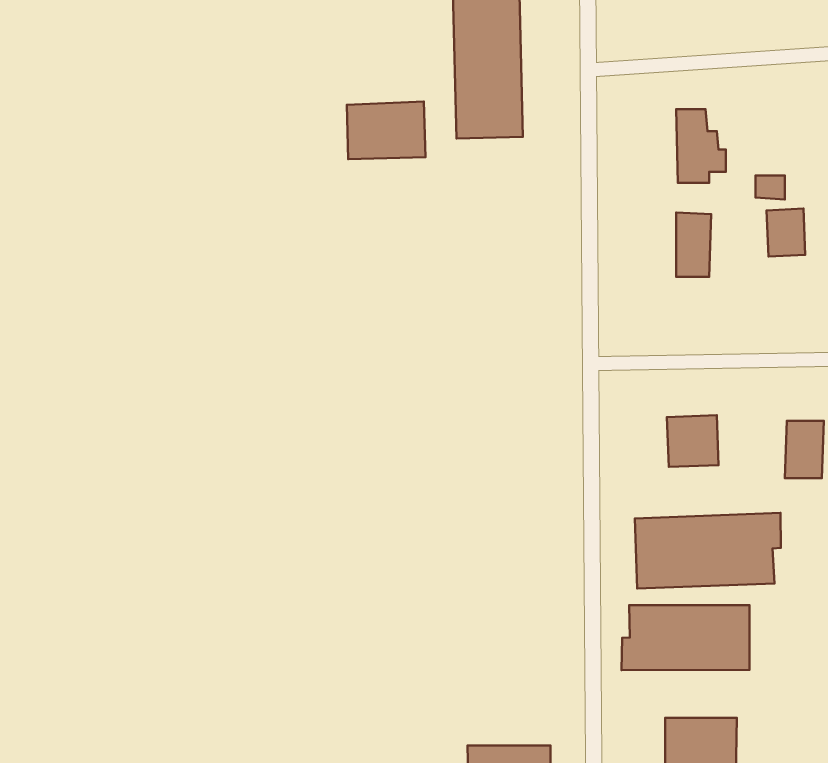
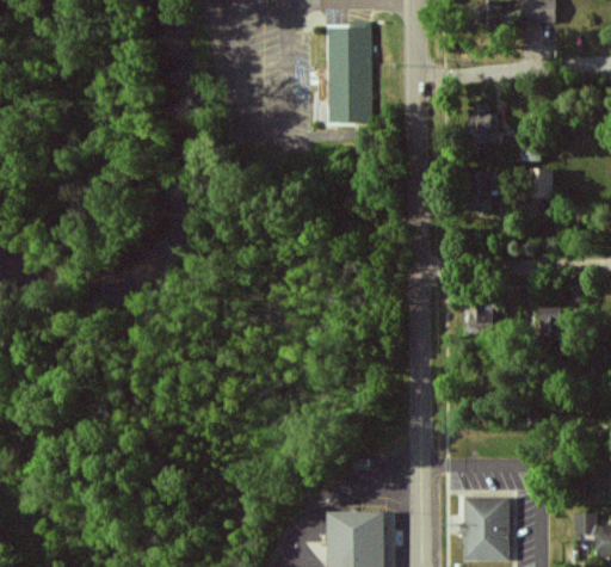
building: [347,101,425,159] -> none
building: [635,513,781,589] -> none
building: [621,605,750,670] -> none

